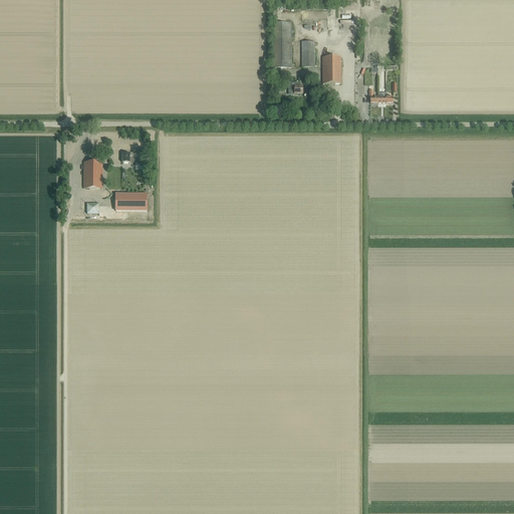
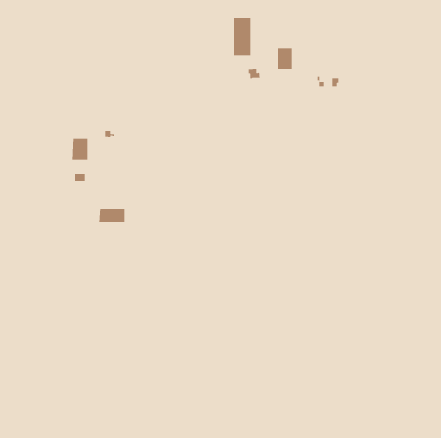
building: [301,39,315,65] -> none
building: [115,192,147,209] -> [99,208,125,223]

